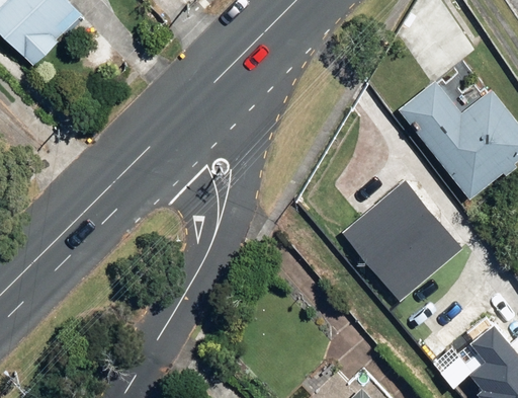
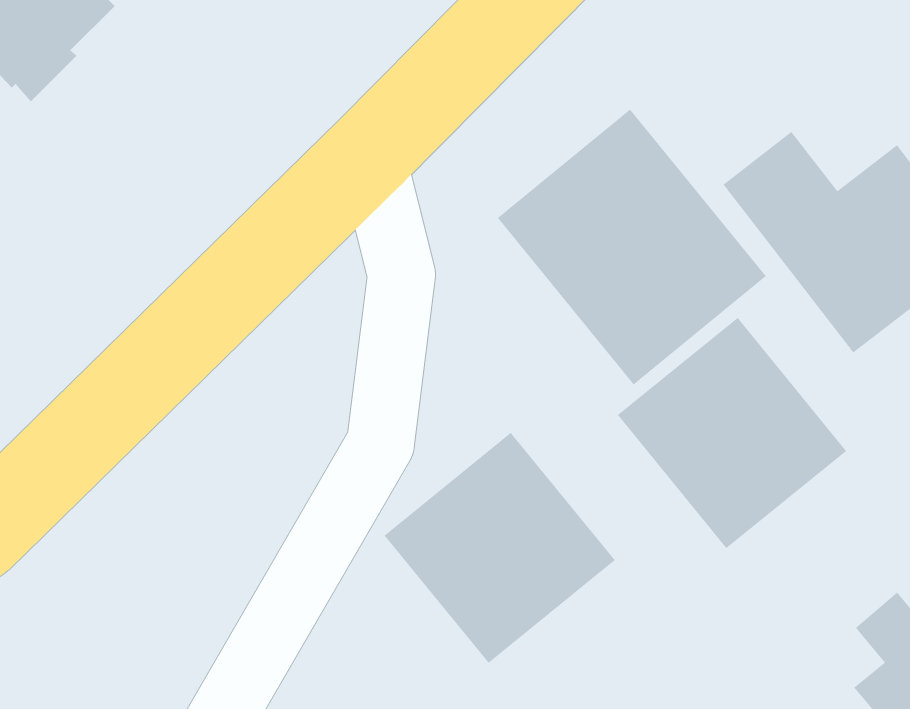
building: none -> [497,109,767,385]
building: none -> [383,432,616,664]

